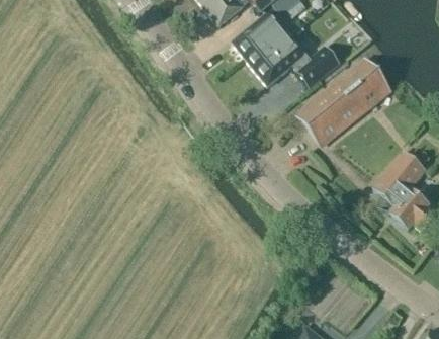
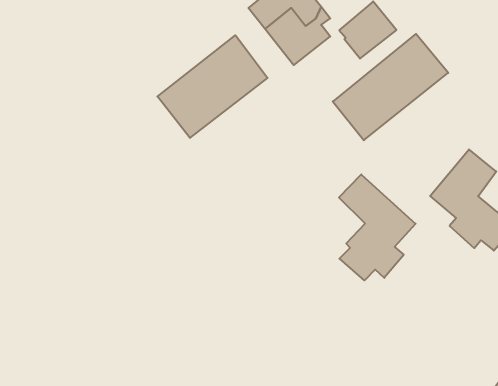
building: none -> [157,35,268,138]
building: none -> [339,174,416,280]

